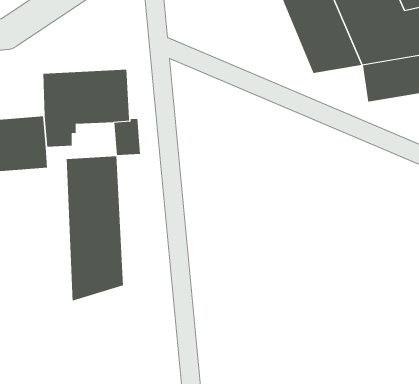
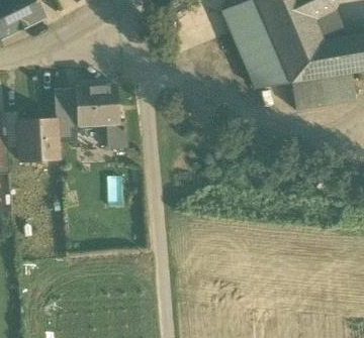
building: [66,155,124,302] -> none

